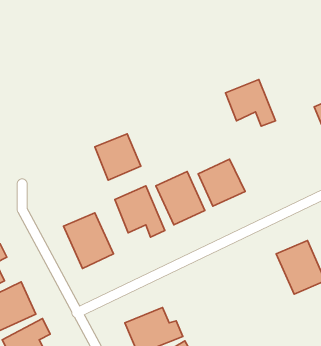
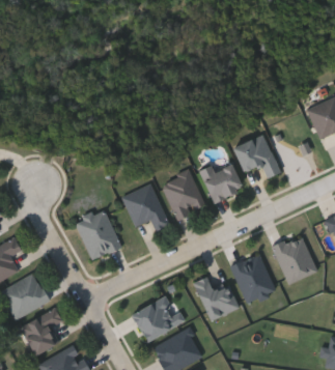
building: [225,79,276,126] -> [233,134,280,177]
building: [95,134,141,180] -> none
building: none -> [230,252,277,304]
building: none -> [194,276,240,320]

